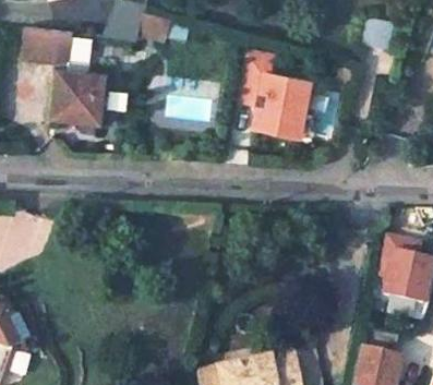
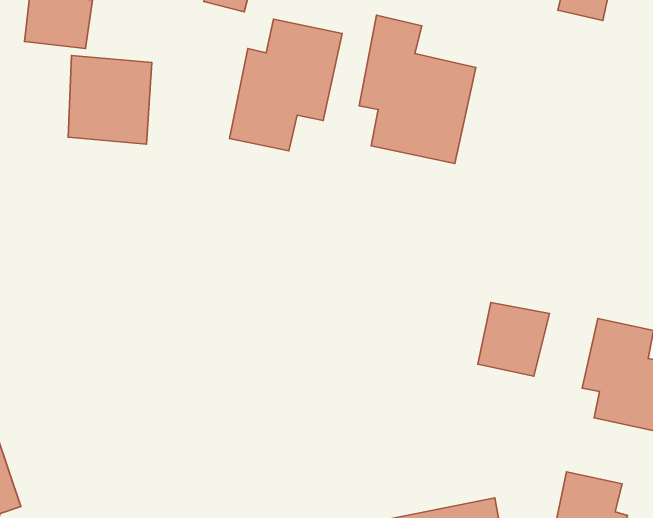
building: none -> [230,19,342,151]
building: none -> [478,302,550,376]

